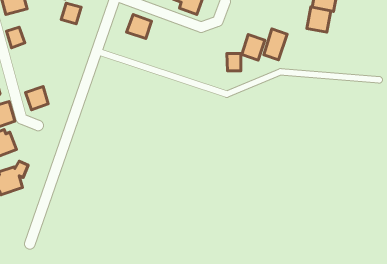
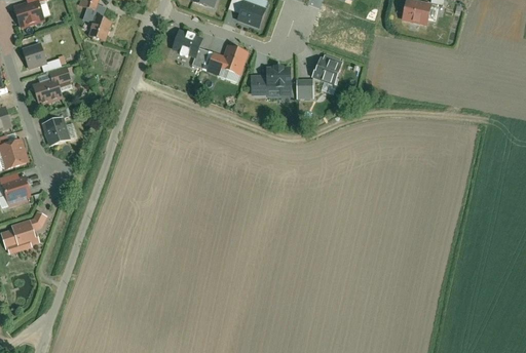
building: [307,7,331,32] -> none
building: none -> [203,44,249,78]
building: [264,29,287,60] -> none
building: none -> [32,65,73,108]
building: none -> [248,65,291,97]

